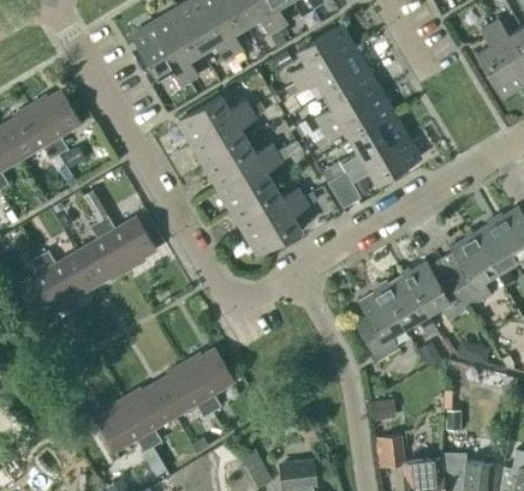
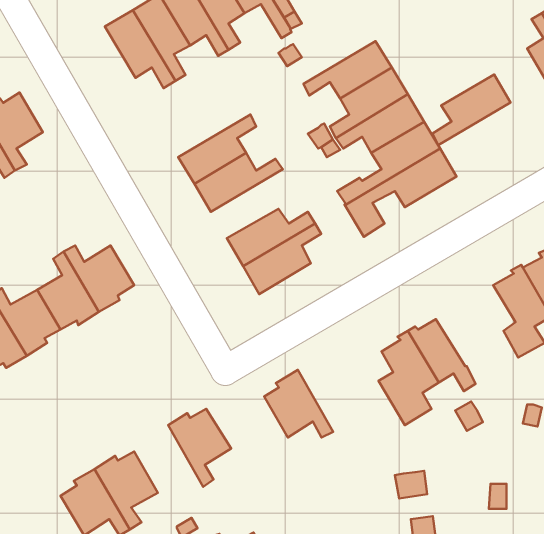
building: [290,25,353,83] -> [432,75,510,145]
building: [179,95,251,143] -> none
building: [219,139,300,209] -> none
building: [401,261,470,319] -> none
building: [156,361,213,417] -> [264,370,333,438]

